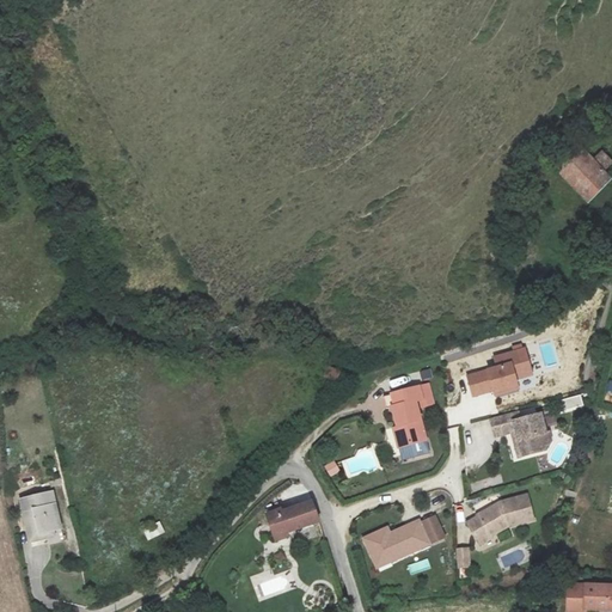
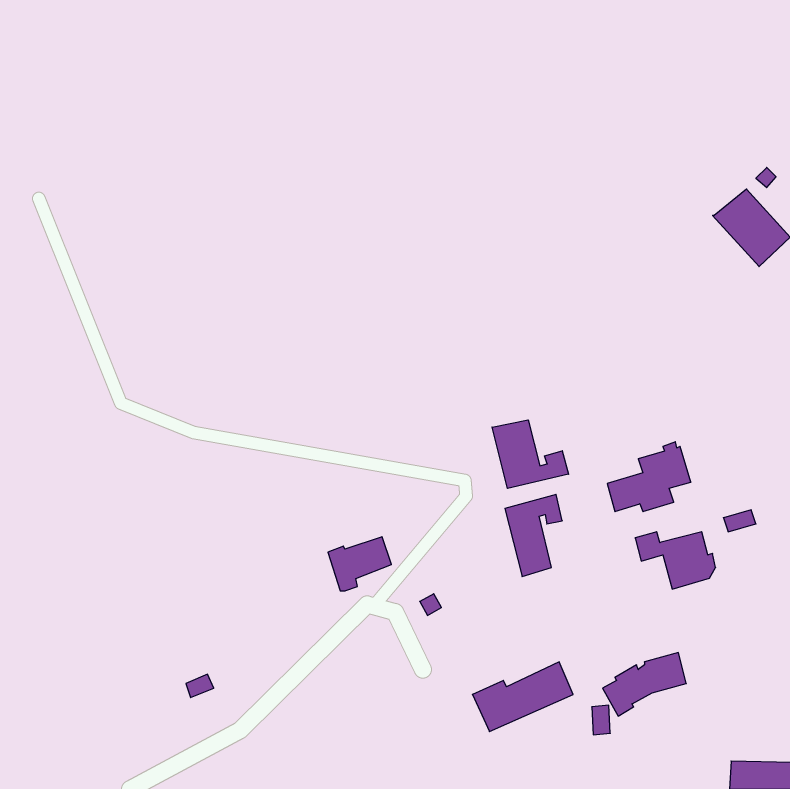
building: none -> [492,420,569,488]
building: [268,496,317,538] -> [328,537,391,591]
building: [17,497,61,549] -> none

